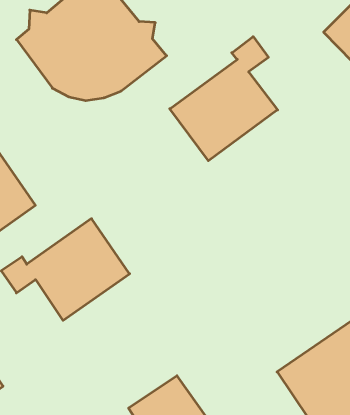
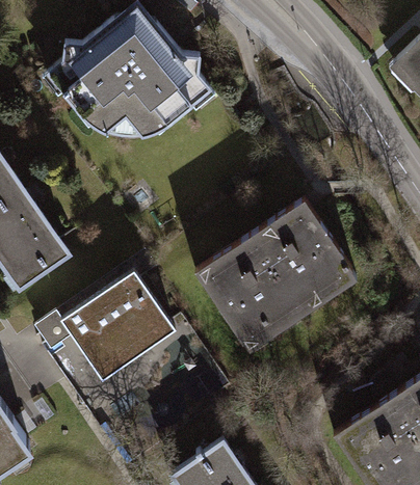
building: [170,37,278,161] -> none
building: none -> [195,200,359,354]

